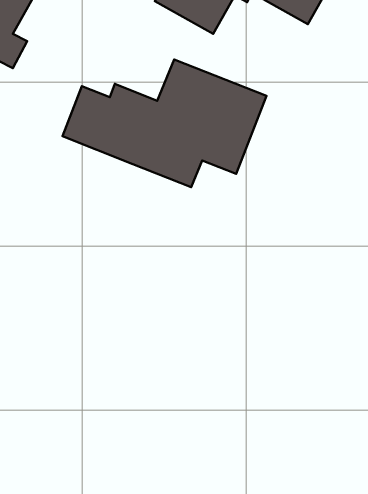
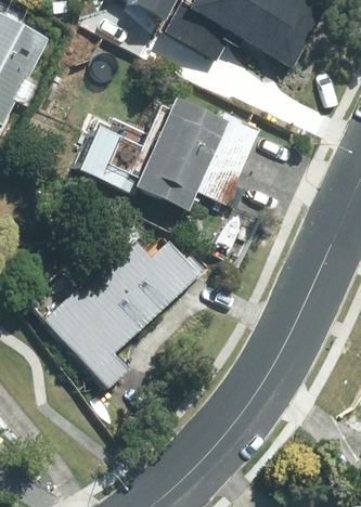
building: none -> [42,237,181,389]

